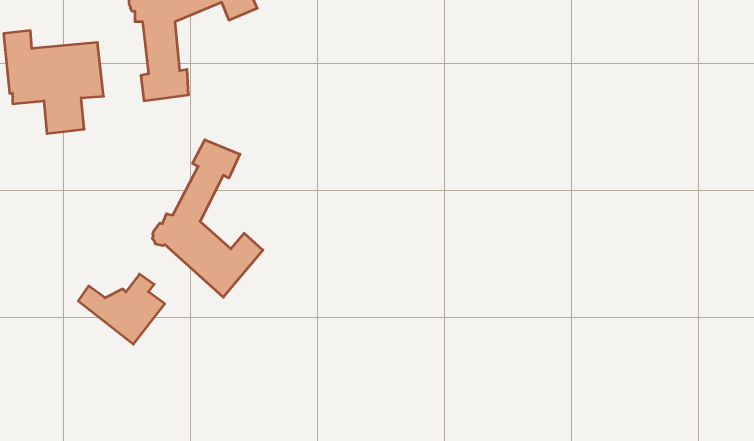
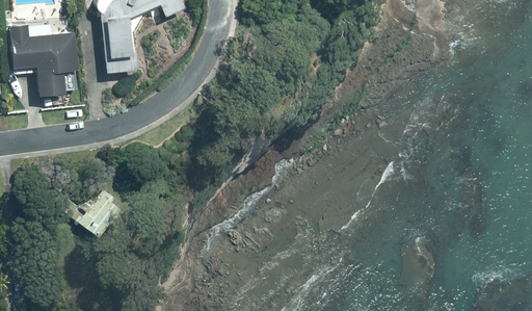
building: [152,140,263,297] -> none

